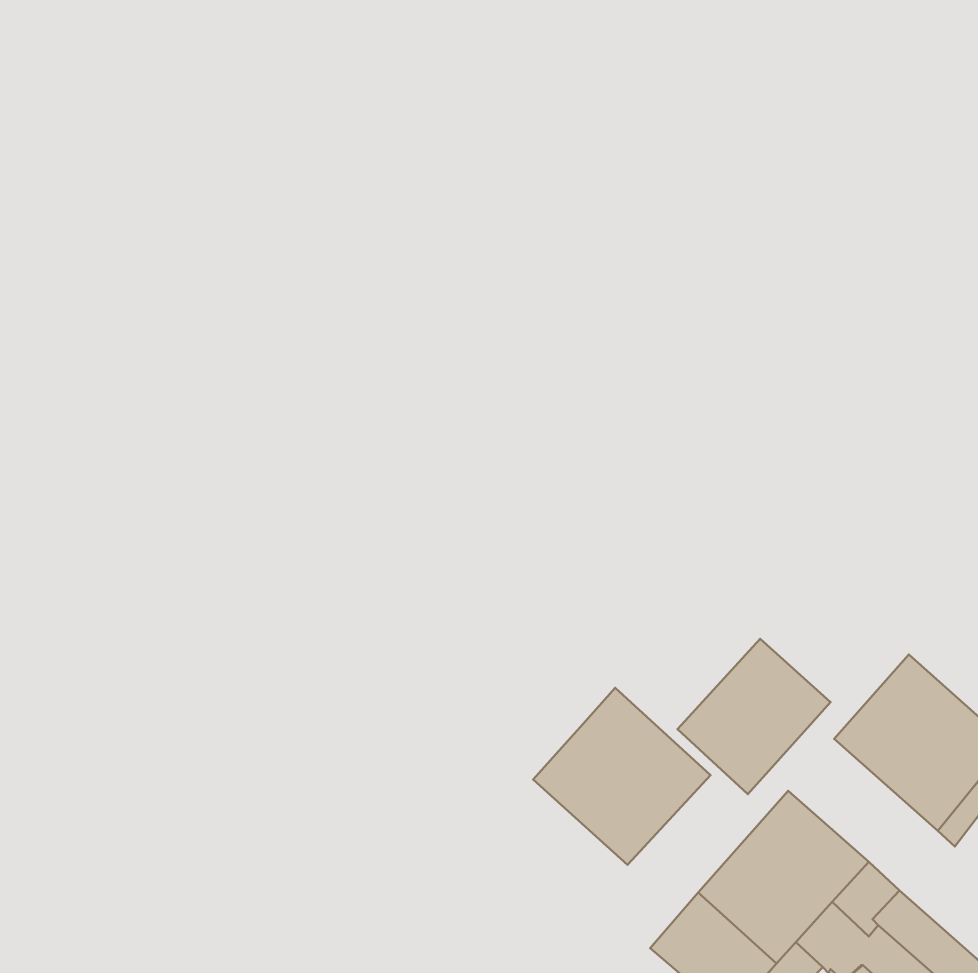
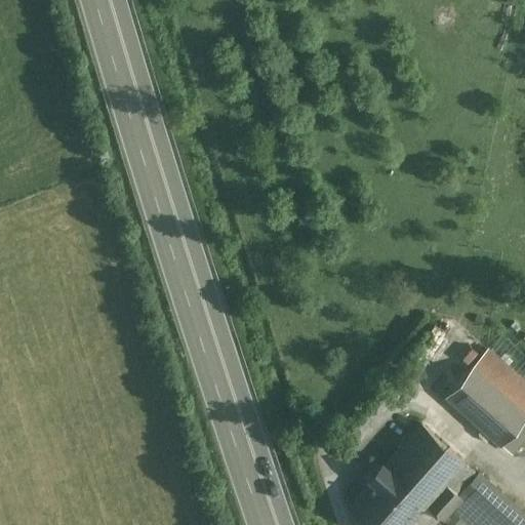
building: [677,639,830,794] -> none
building: [533,688,710,865] -> none

